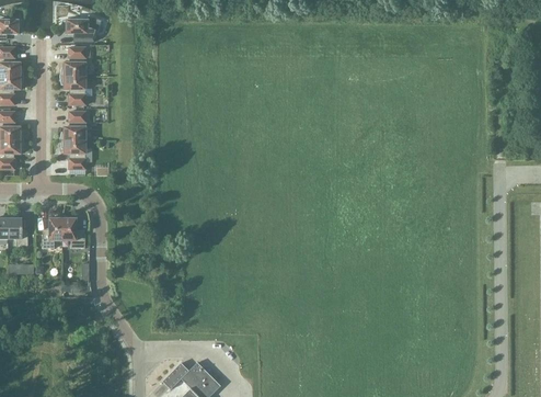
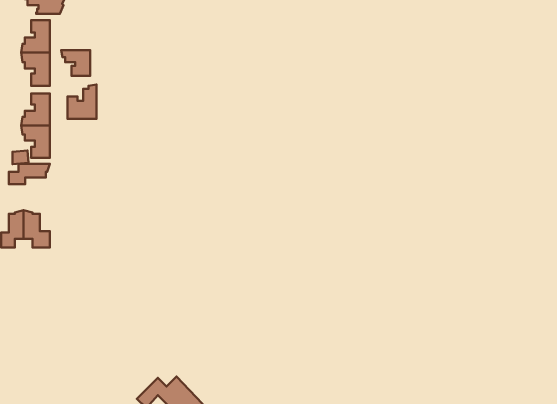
building: none -> [61,50,90,76]
building: none -> [67,84,96,119]
building: none -> [9,164,50,184]

